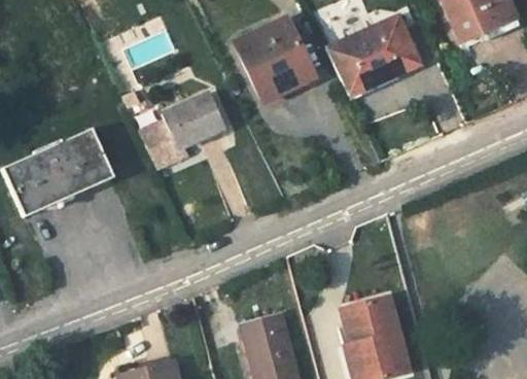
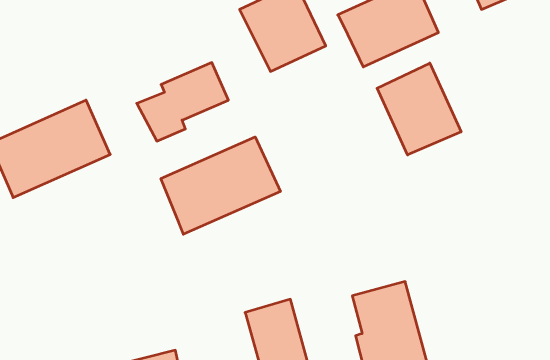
building: none -> [377,63,461,155]
building: none -> [161,137,280,234]

